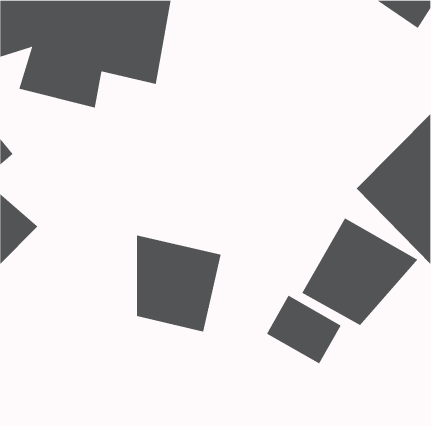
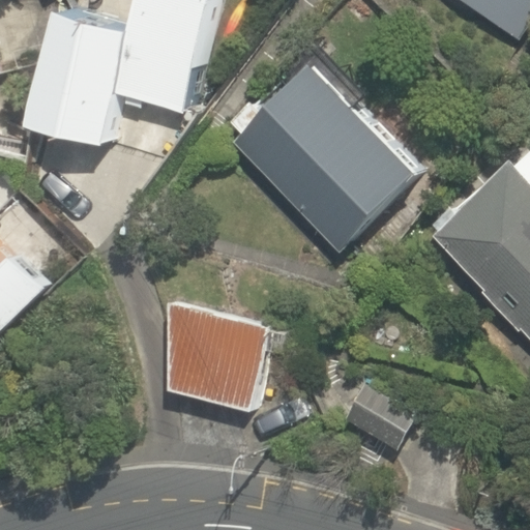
building: none -> [231,58,431,258]
building: [302,217,418,326] -> none

